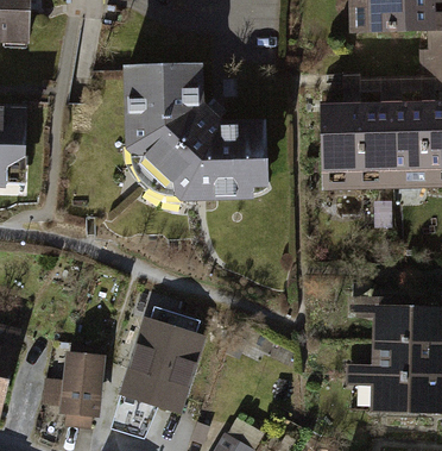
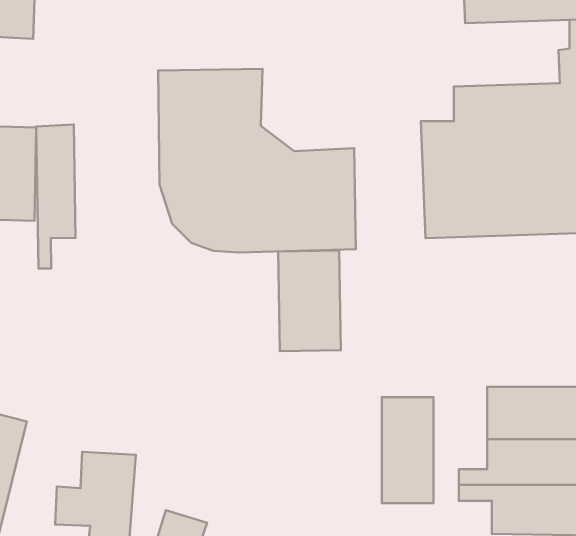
building: none -> [36,124,75,269]
building: none -> [278,250,341,351]
building: none -> [382,397,434,503]
building: [122,318,202,403] -> none

